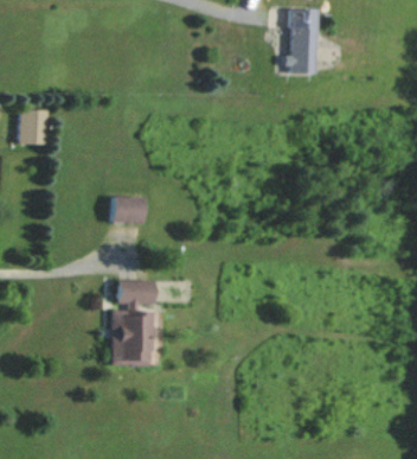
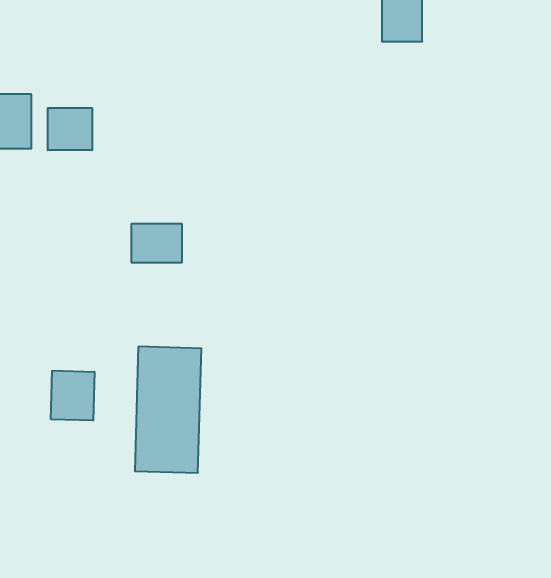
building: none -> [48,108,92,150]
building: none -> [51,371,94,421]

